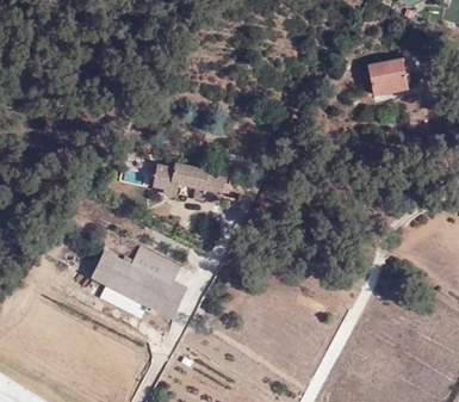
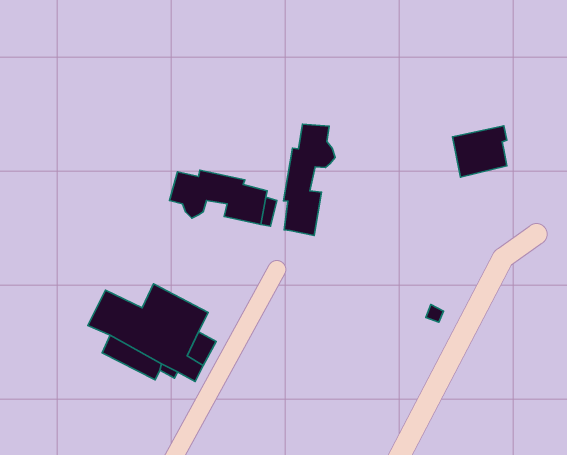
building: [367,57,408,95] -> [452,126,507,177]
building: none -> [283,124,335,236]

